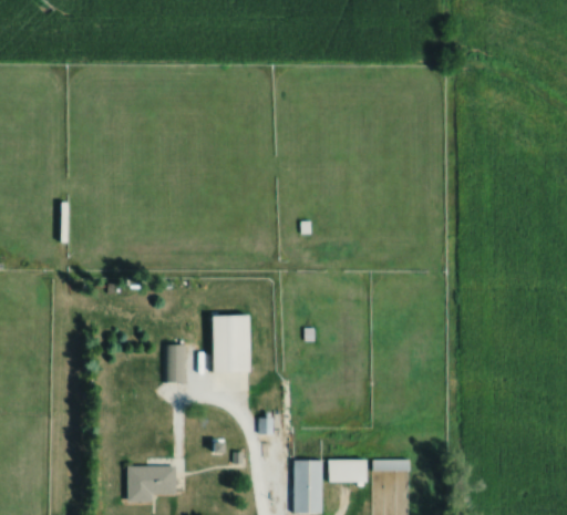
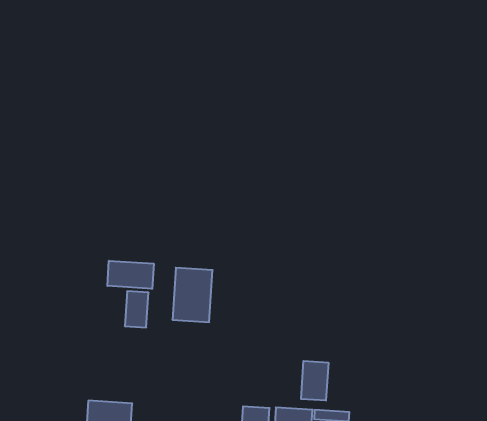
building: none -> [107,261,154,289]
building: none -> [301,361,328,401]

